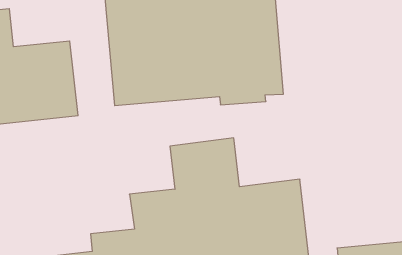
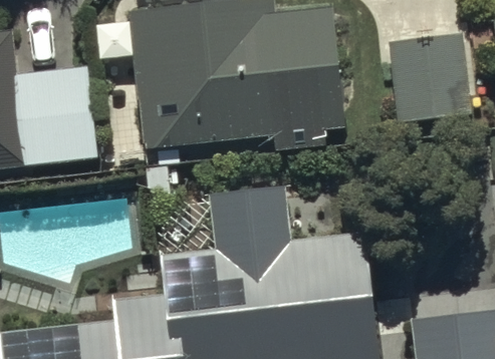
building: none -> [390,32,466,123]

